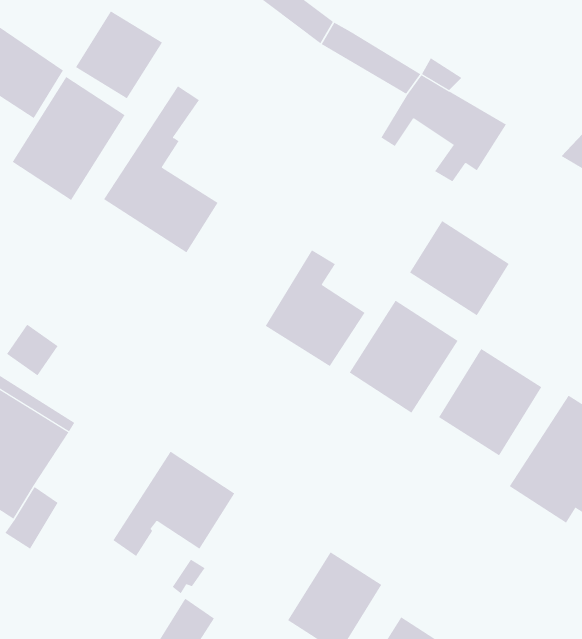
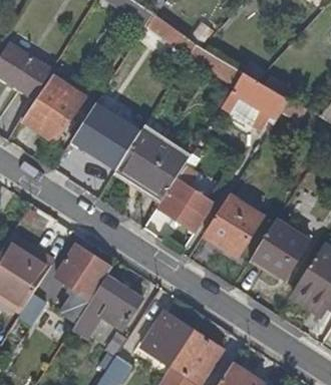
building: [75,11,163,99] -> none
building: none -> [114,130,188,198]
building: [409,220,510,316] -> none
building: none -> [57,247,112,324]
building: none -> [141,312,194,367]

